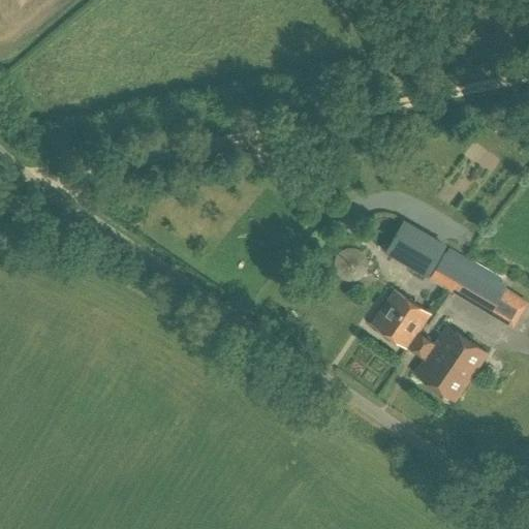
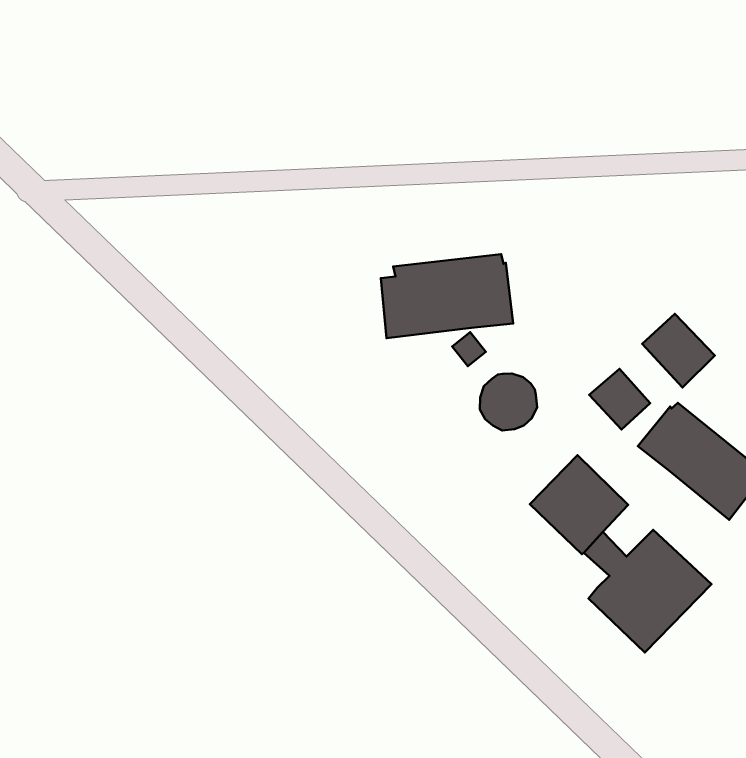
building: none -> [381,254,513,338]
building: none -> [642,314,715,387]

